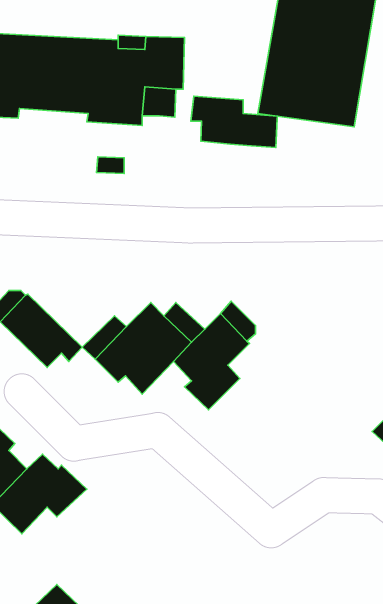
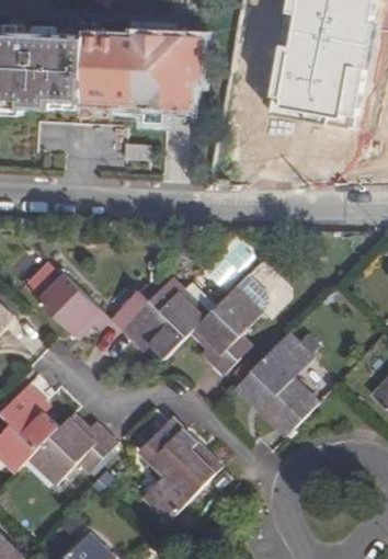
building: [191,96,277,148] -> none
building: none -> [235,332,317,434]
building: none -> [137,420,219,522]

